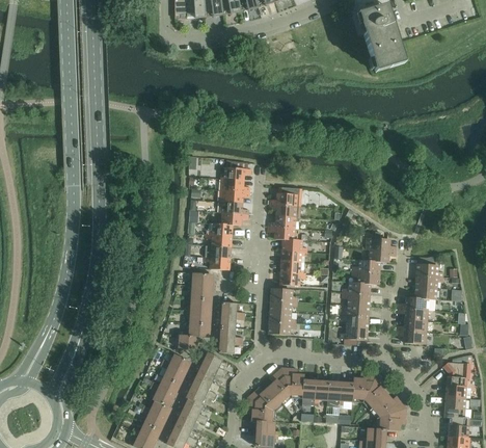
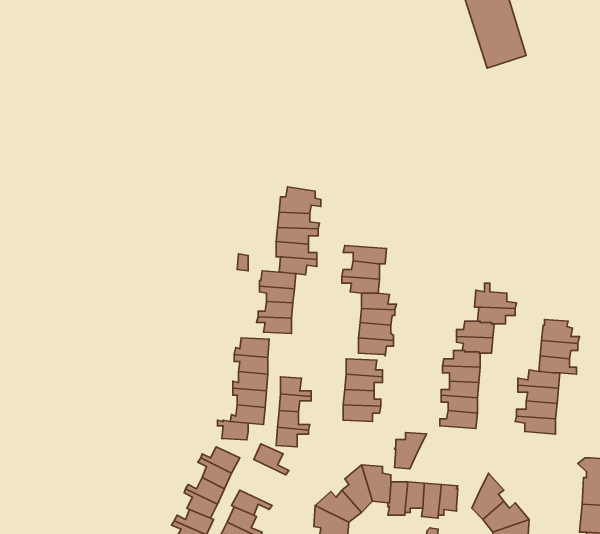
building: [269,186,301,206] -> none
building: [191,363,225,397] -> none
building: [352,372,376,399] -> [394,433,427,469]

